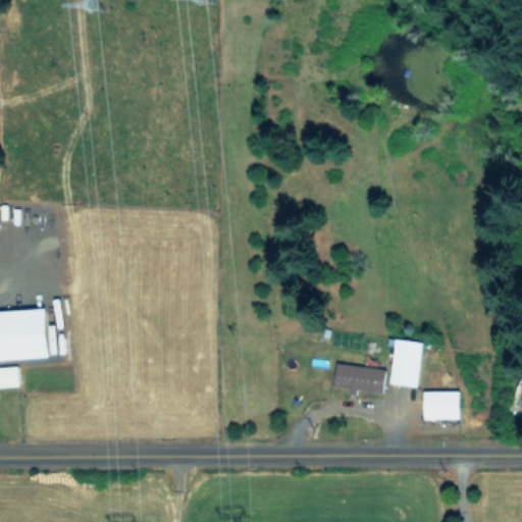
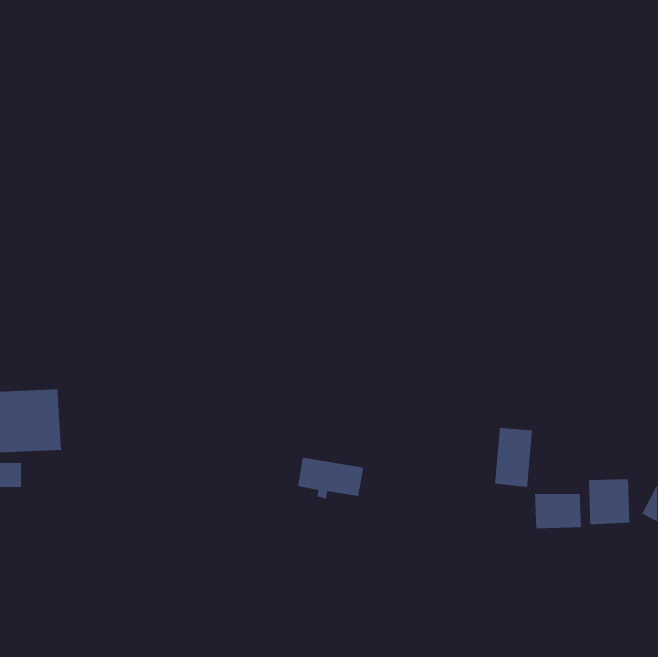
building: [332,363,385,397] -> [297,457,364,499]
building: none -> [588,479,630,525]

